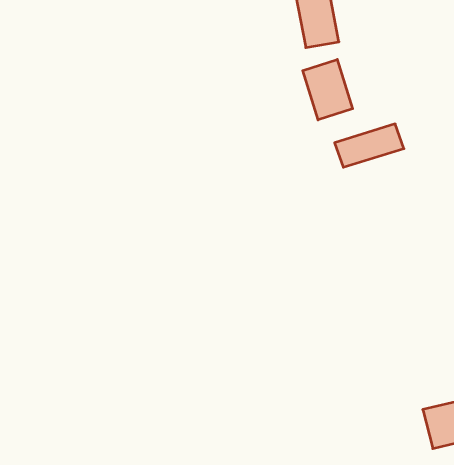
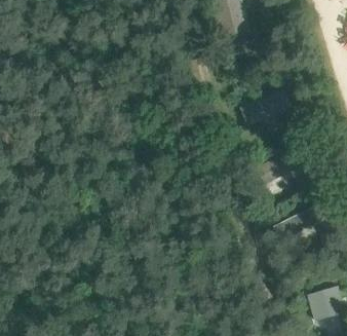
building: [303,59,353,120] -> none

